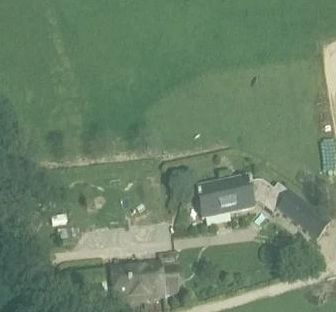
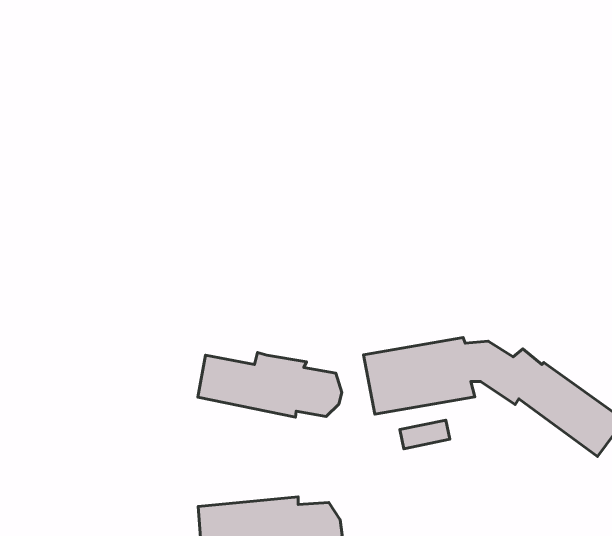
building: none -> [198,353,342,417]

